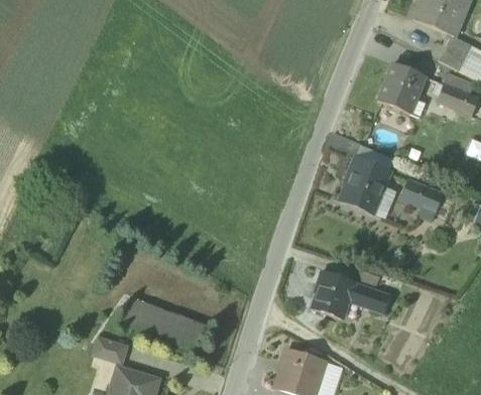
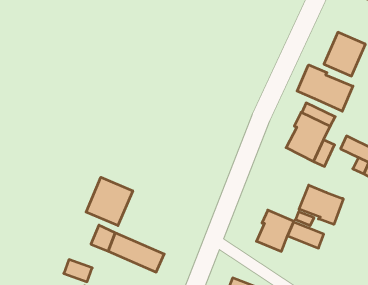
building: none -> [297,65,353,111]
building: none -> [299,185,343,224]
building: none -> [86,177,133,226]

